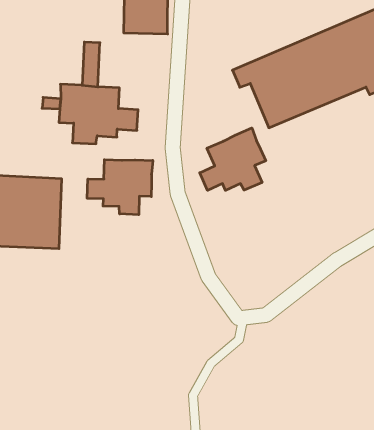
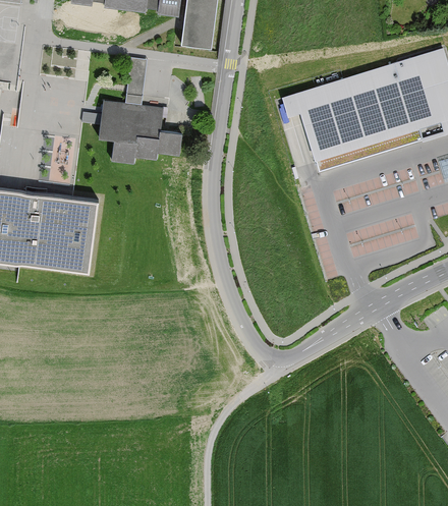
building: [200,128,266,190] -> none
building: [87,160,153,215] -> none

